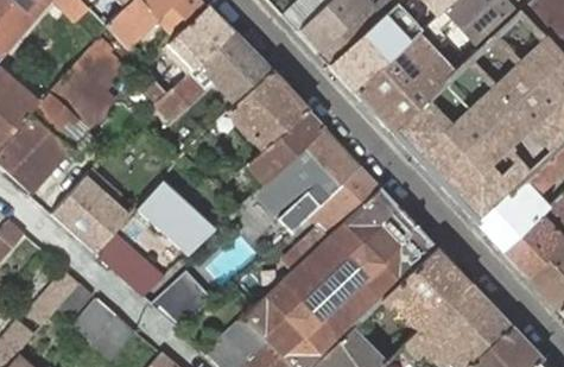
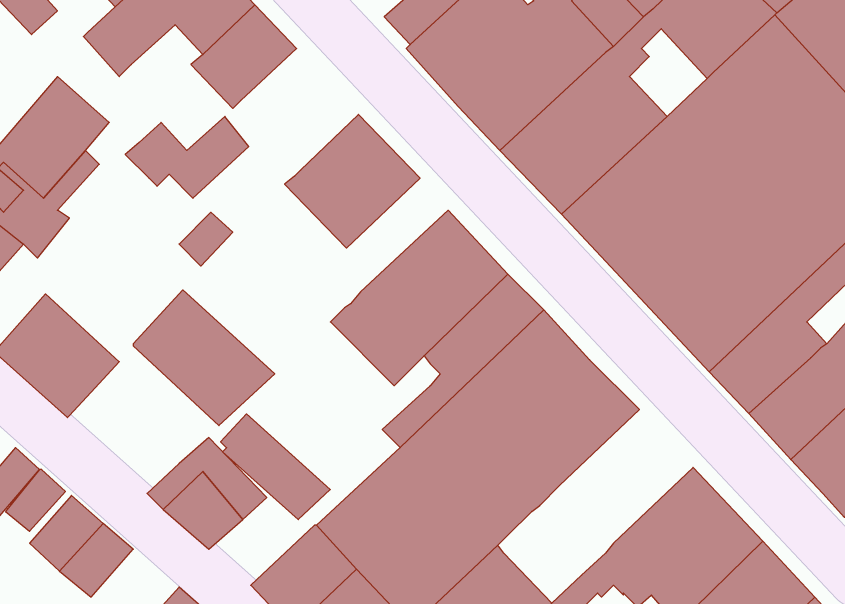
building: [201,32,271,108] -> none
building: [249,109,324,184] -> none
building: [99,234,164,297] -> [221,414,330,520]
building: [391,247,470,333] -> none

